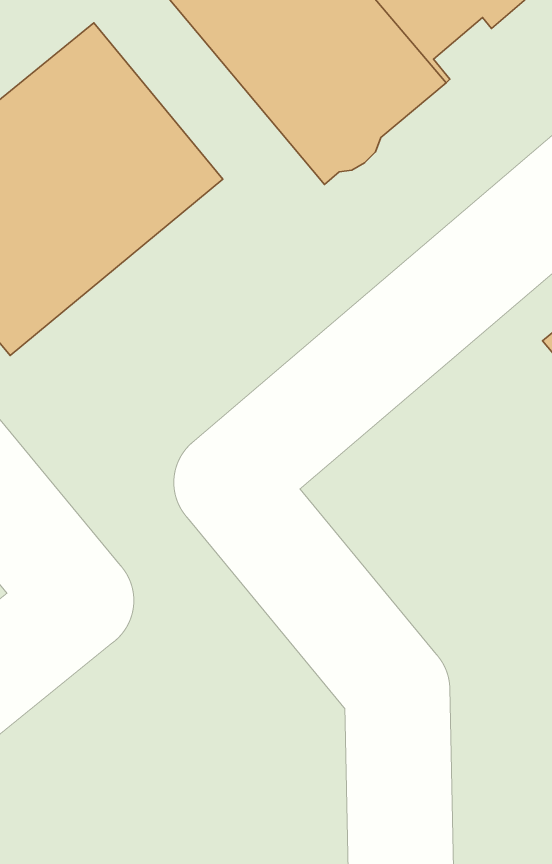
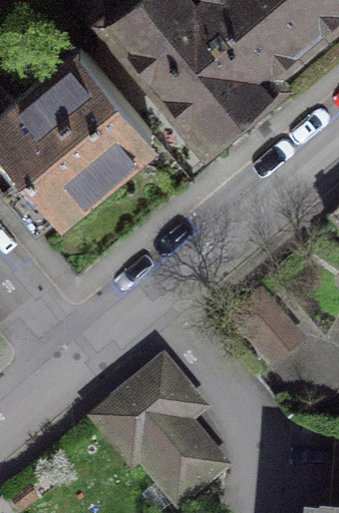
building: none -> [97,362,231,505]

